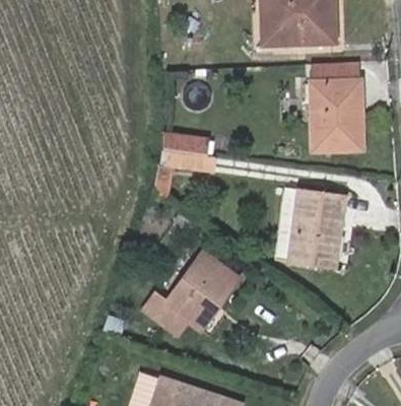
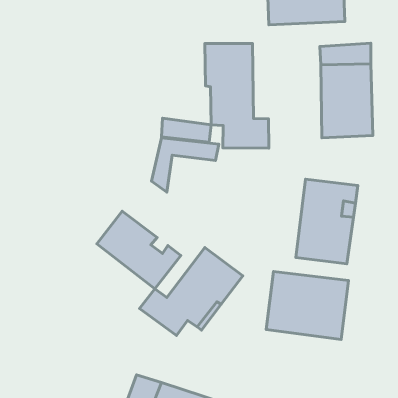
building: none -> [205,43,269,148]
building: none -> [97,211,181,289]
building: none -> [266,271,349,340]

